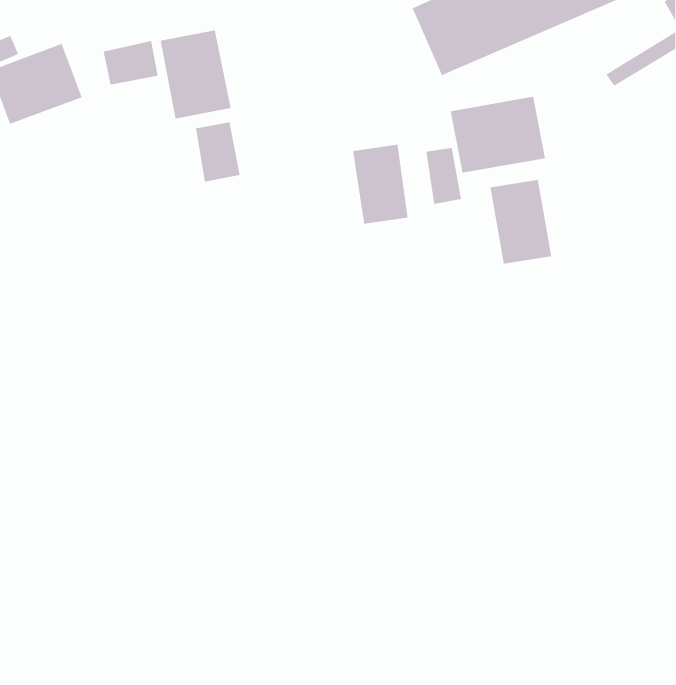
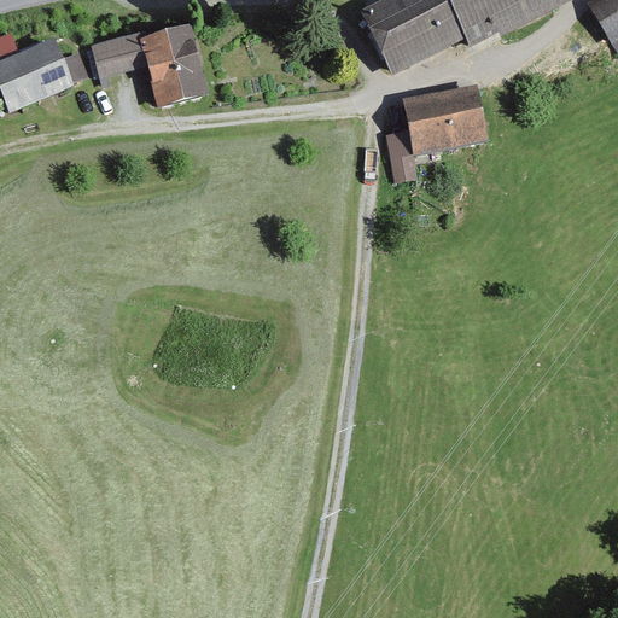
building: [195,121,240,182] -> none
building: [352,144,408,225] -> none
building: [490,179,552,264] -> none

